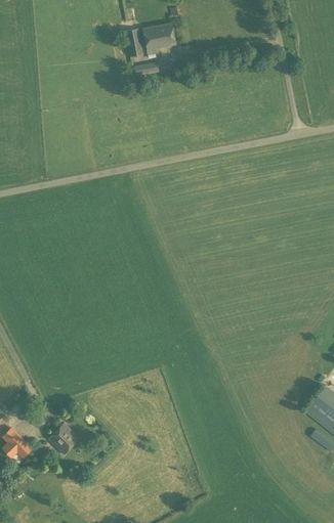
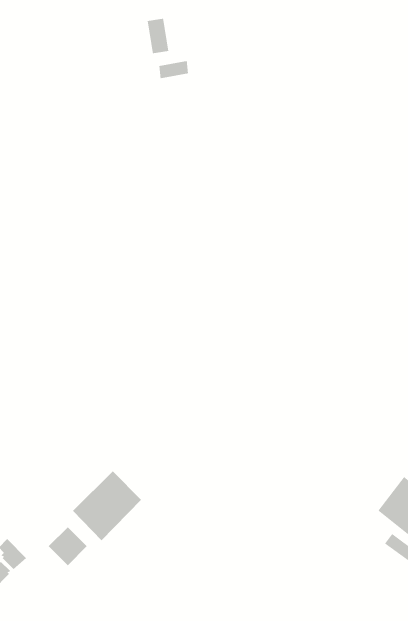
building: [141,23,174,54] -> none
building: none -> [72,471,142,541]

